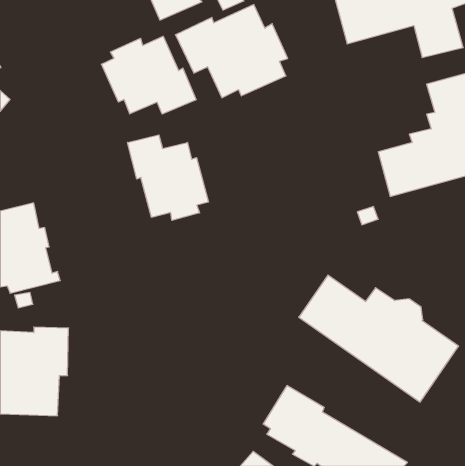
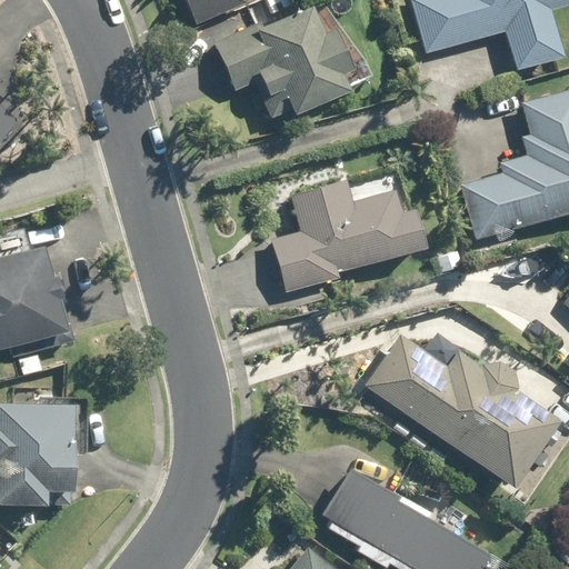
building: [102,36,196,114] -> none
building: [128,135,208,220] -> none
building: none -> [271,168,426,291]

